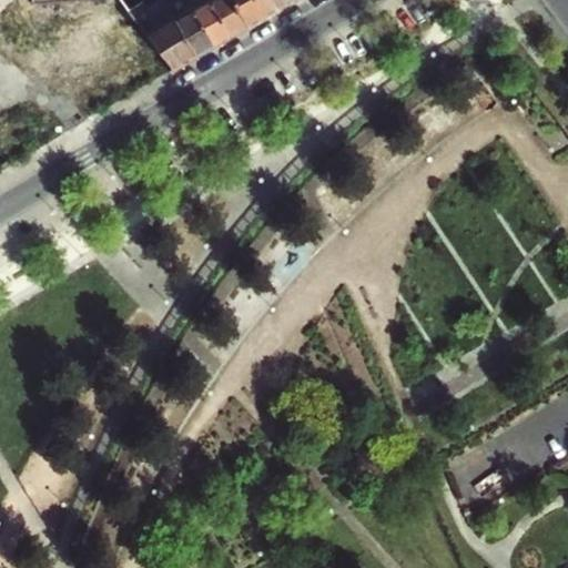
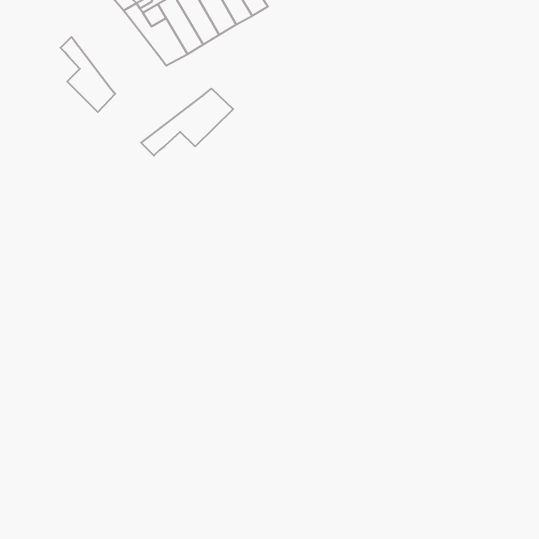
building: none -> [60,37,115,112]
building: none -> [141,89,233,156]

